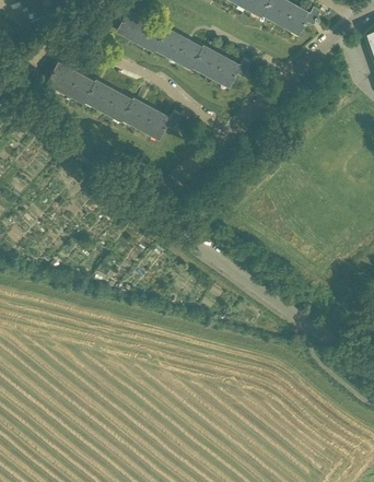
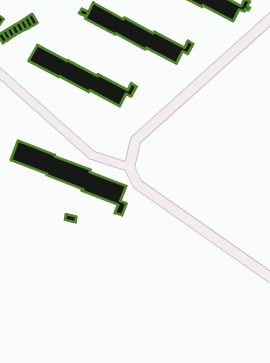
building: none -> [11,141,126,215]

